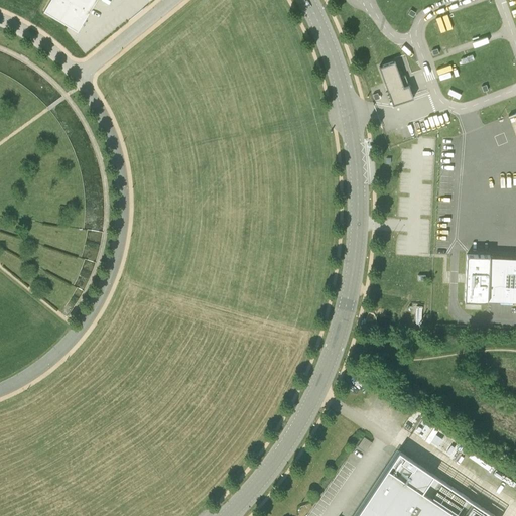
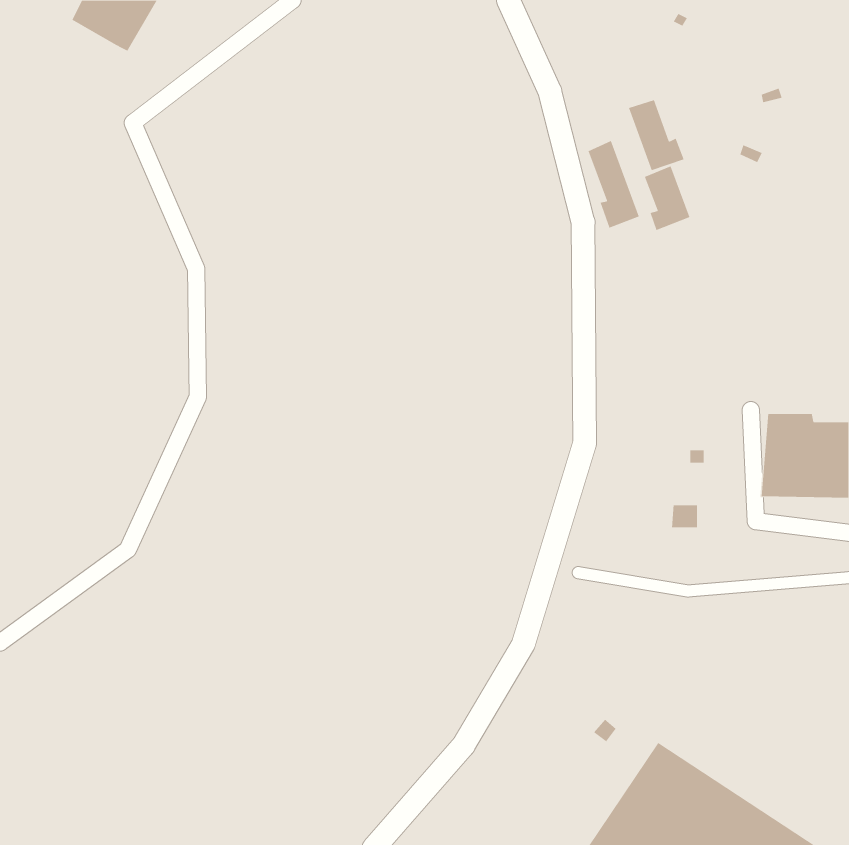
building: none -> [588,140,639,229]
building: none -> [644,165,690,231]

